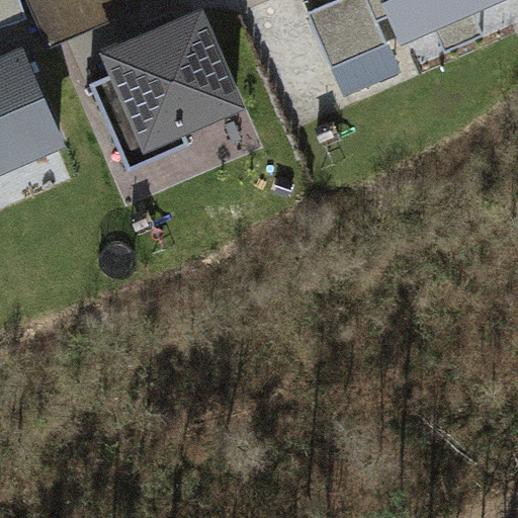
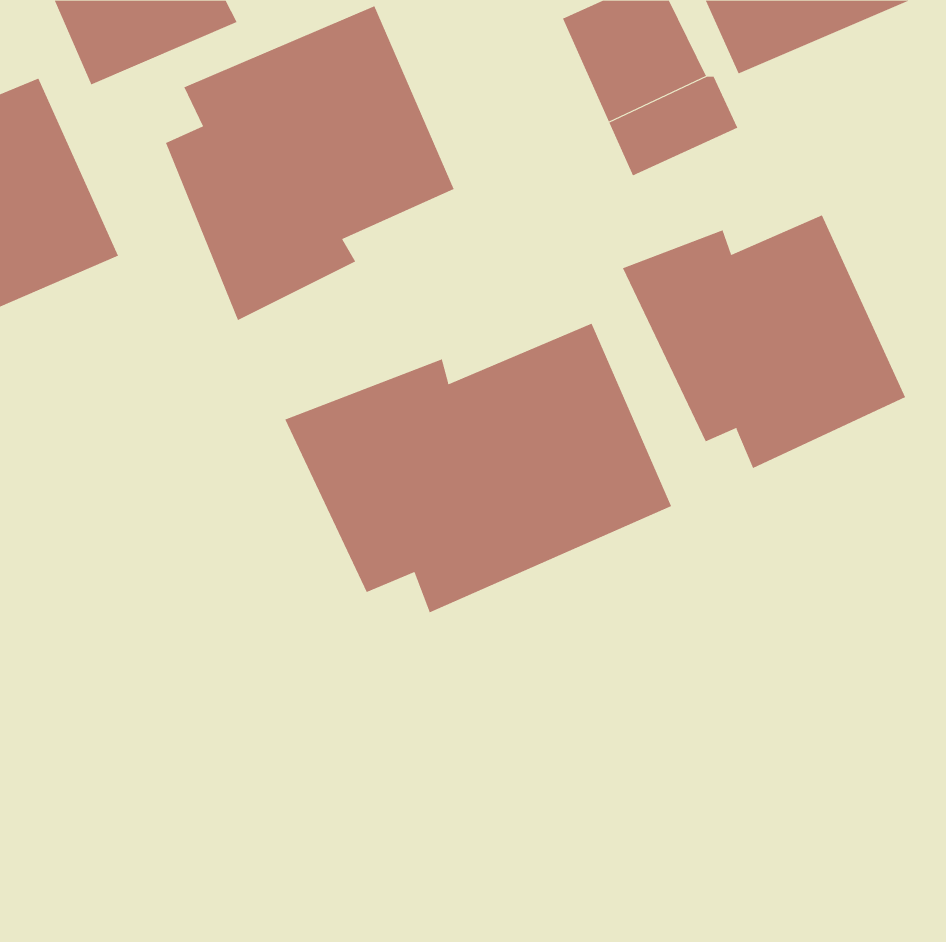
building: none -> [622,214,906,469]
building: none -> [284,323,672,613]

